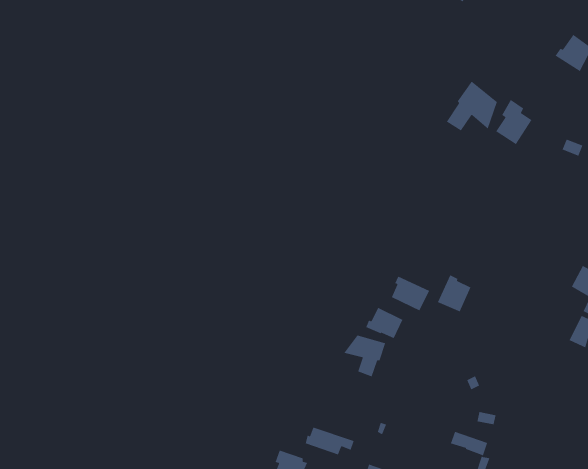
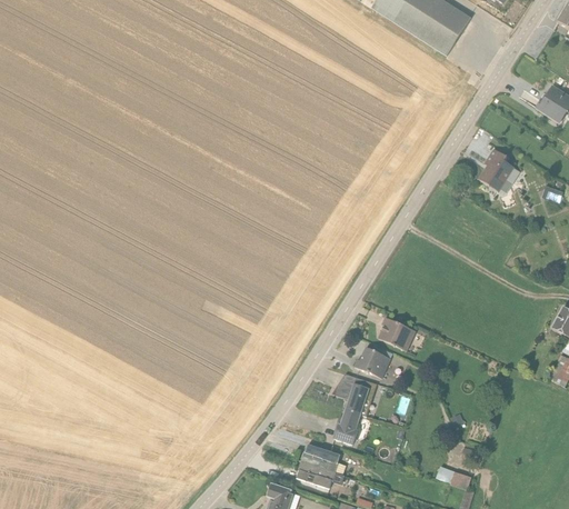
building: [446,81,498,132] -> none
building: [437,274,472,313] -> none
building: none -> [335,409,361,445]
building: none -> [305,443,347,475]

